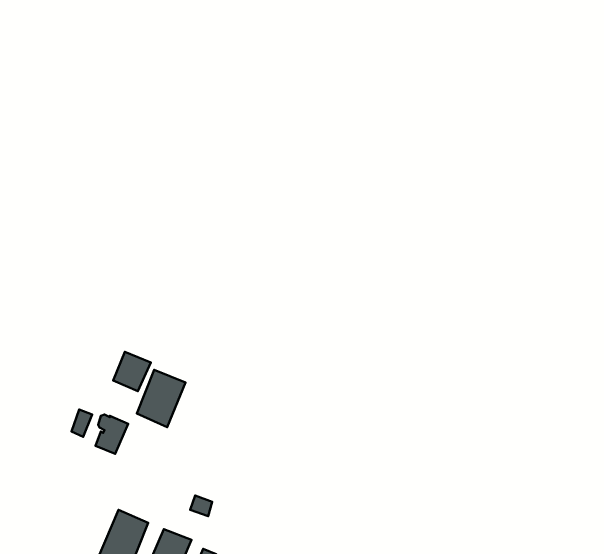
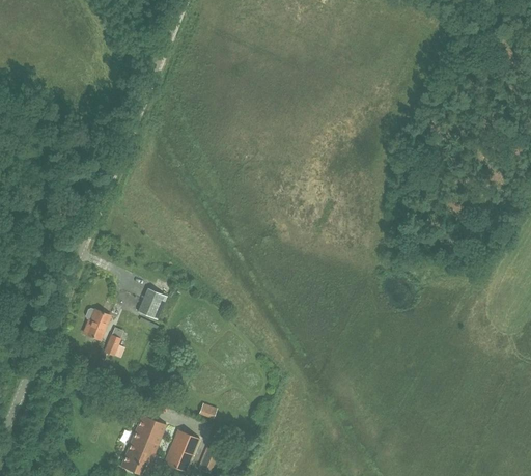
building: [137,370,186,427] -> none
building: [95,415,128,454] -> [84,308,110,339]

